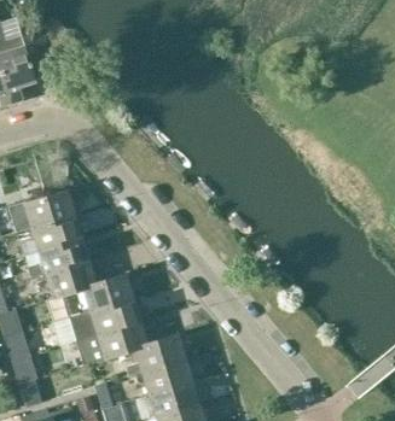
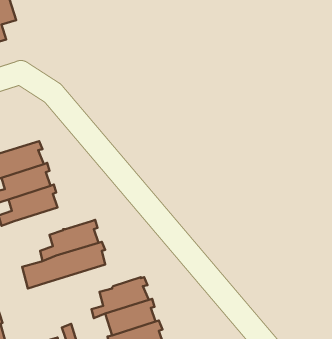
building: [43,258,98,298] -> none
building: [77,318,149,364] -> none

